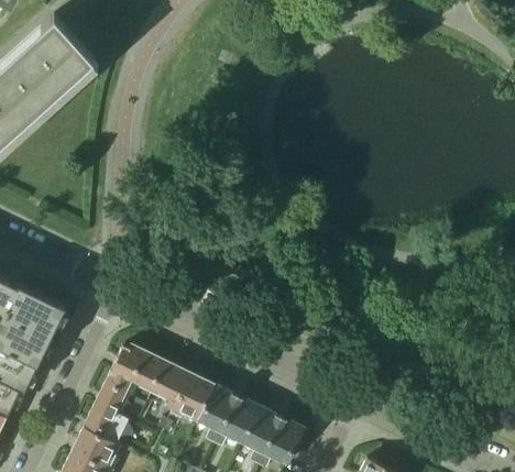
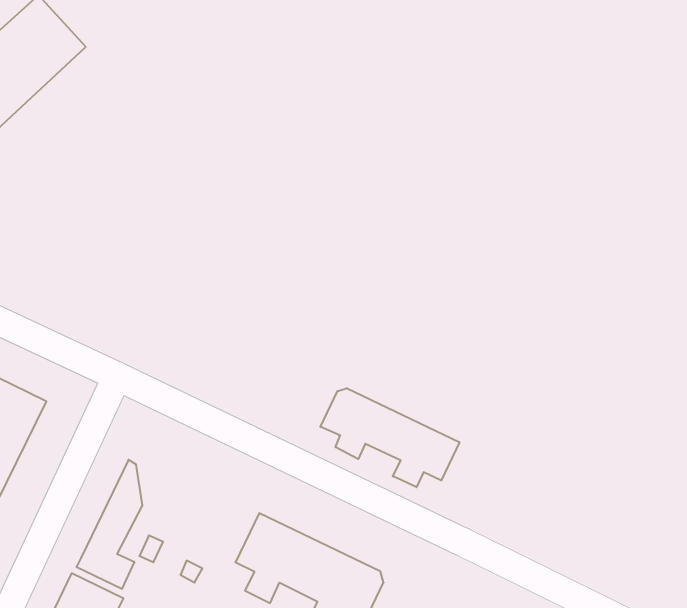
building: none -> [320,388,459,487]
building: [128,345,213,420] -> none

